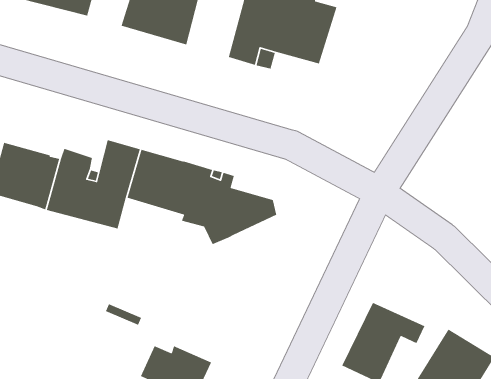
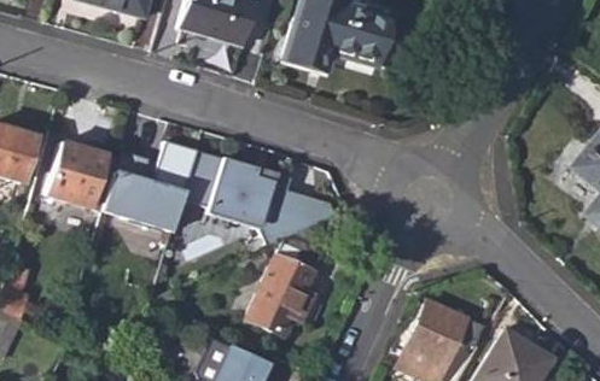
building: none -> [249,236,324,336]

